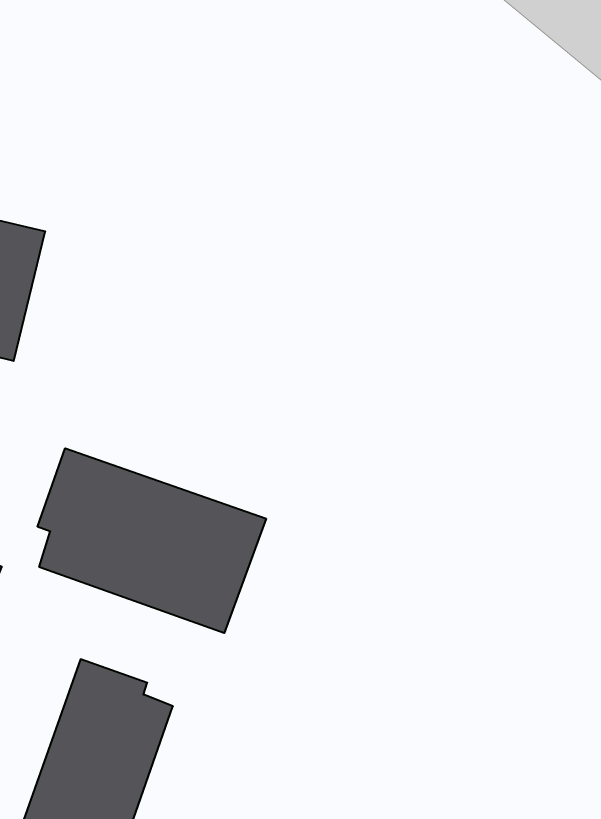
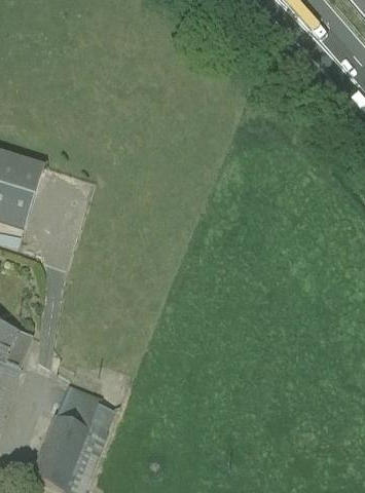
building: [38,448,266,633] -> none

